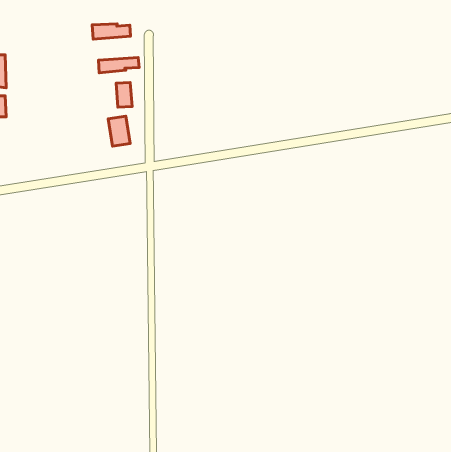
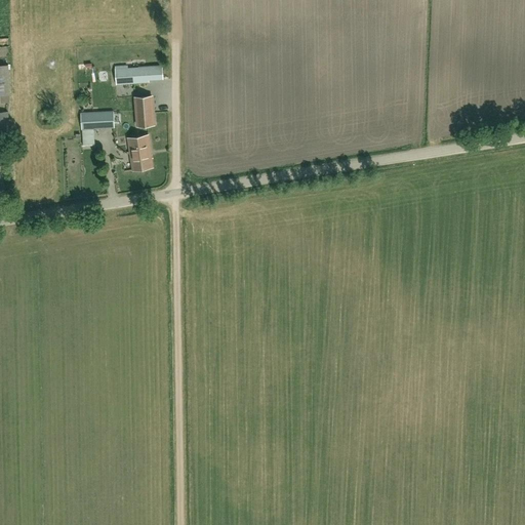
building: [92,24,131,39] -> none
building: none -> [79,111,112,128]

